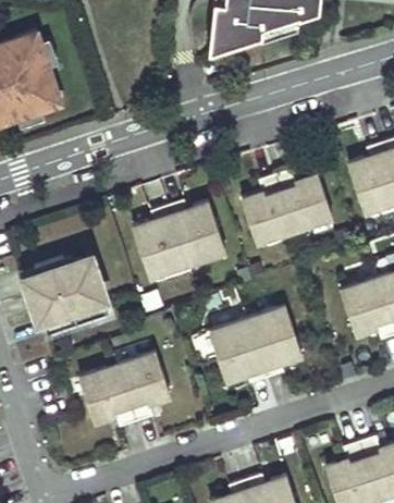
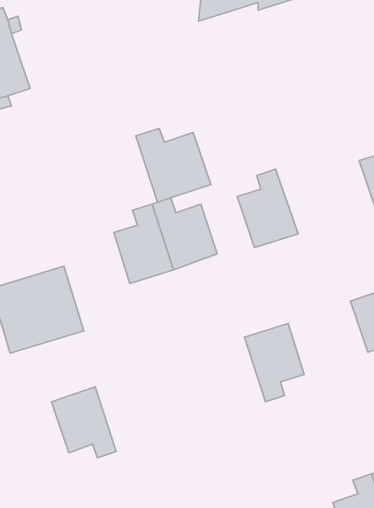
building: none -> [136,129,211,202]
building: [275,169,333,231] -> none
building: [210,321,267,383] -> none
building: [118,353,170,421] -> none

